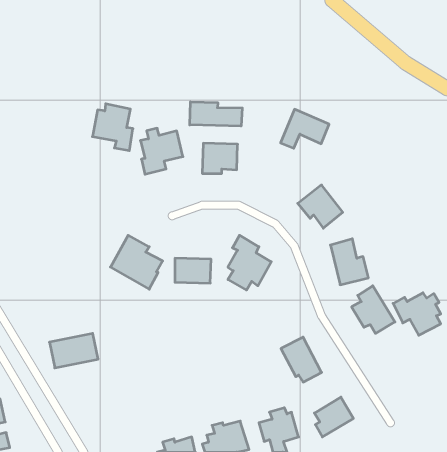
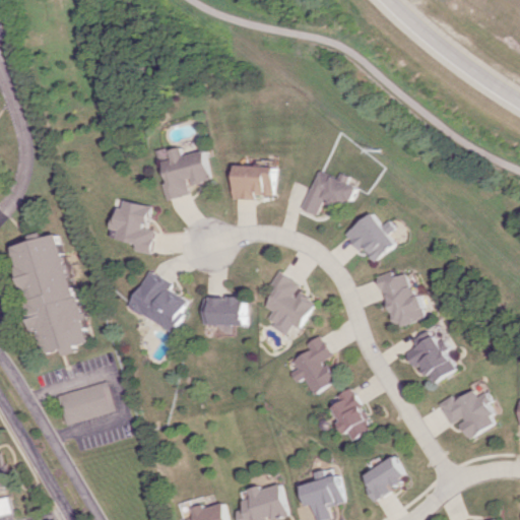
building: [190,102,242,126] -> none
building: [92,104,133,151] -> [108,200,154,254]
building: [281,109,329,148] -> [300,170,355,214]
building: none -> [12,234,86,354]
building: none -> [286,335,332,394]
building: [393,293,441,335] -> [438,390,493,439]

